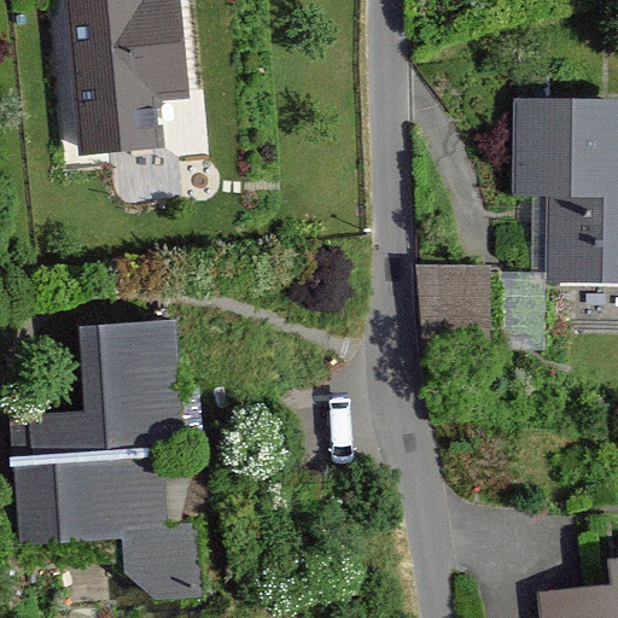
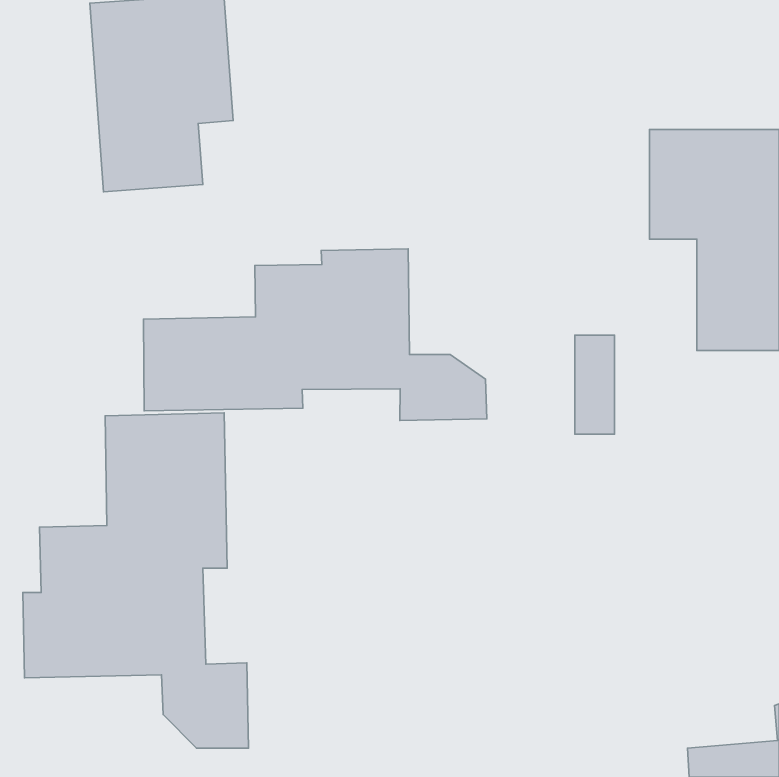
building: none -> [143,249,487,421]

